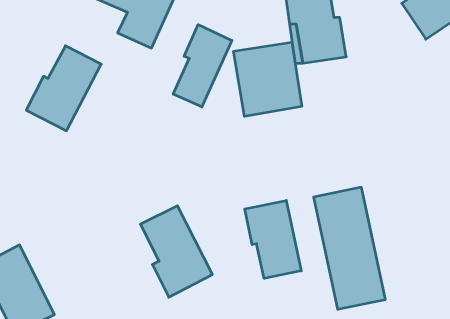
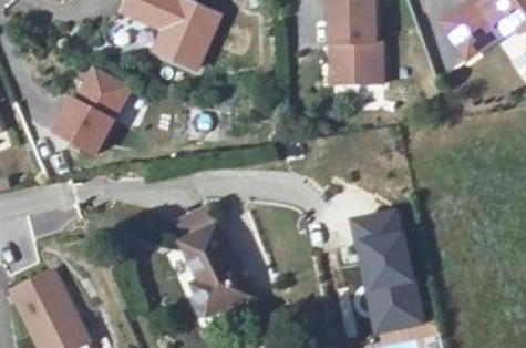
building: [173,25,232,107] -> none
building: [234,42,302,116] -> none
building: [245,200,301,278] -> none

